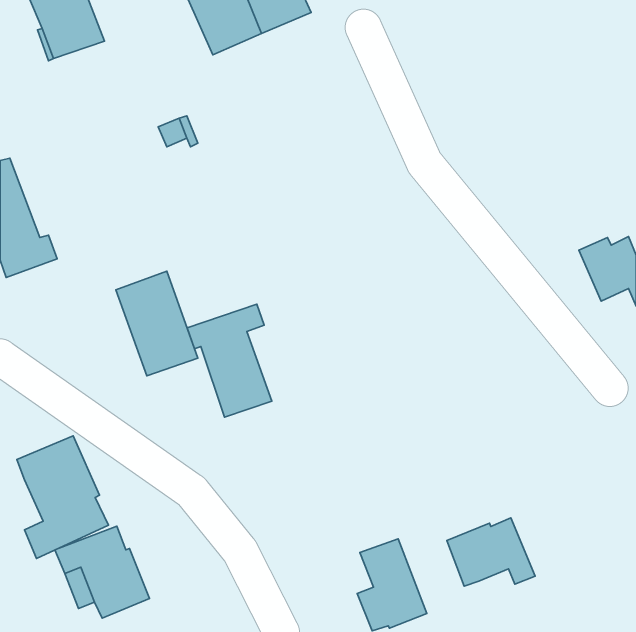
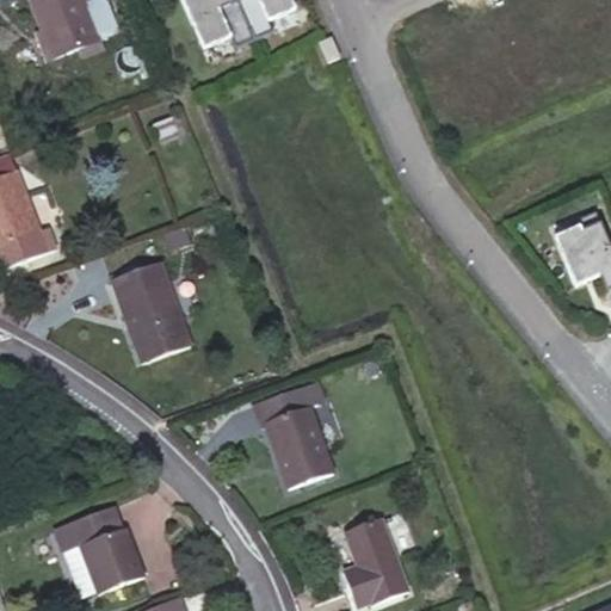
building: [187,304,272,417] -> [252,378,333,487]
building: [17,436,108,558] -> none
building: [447,518,535,586] -> none

